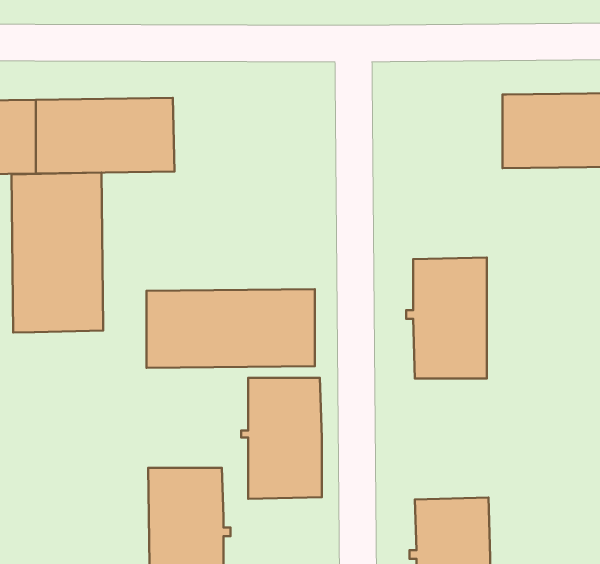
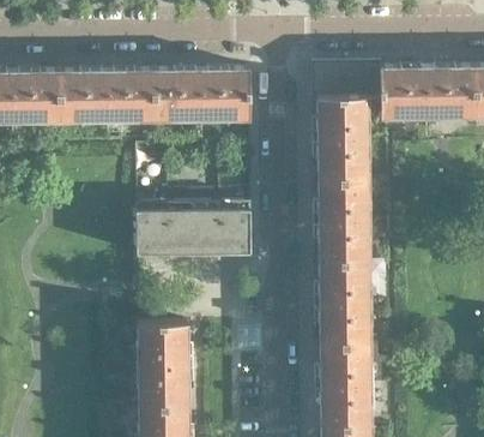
building: none -> [313,65,382,182]
building: none -> [155,71,250,122]
building: [12,173,103,333] -> none
building: [241,378,322,499] -> [315,264,370,347]

